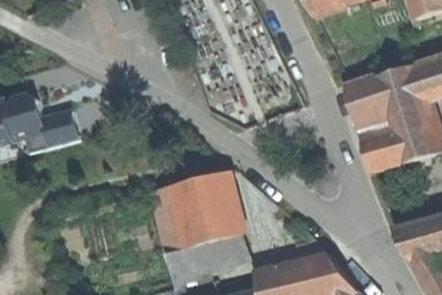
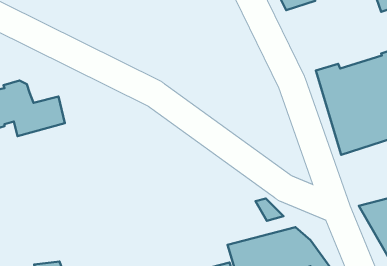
building: [147,172,246,277] -> none

